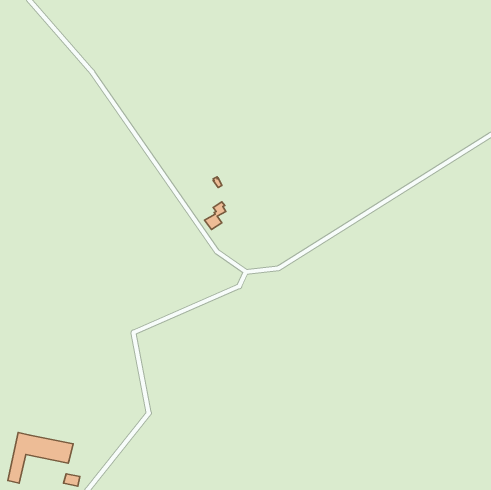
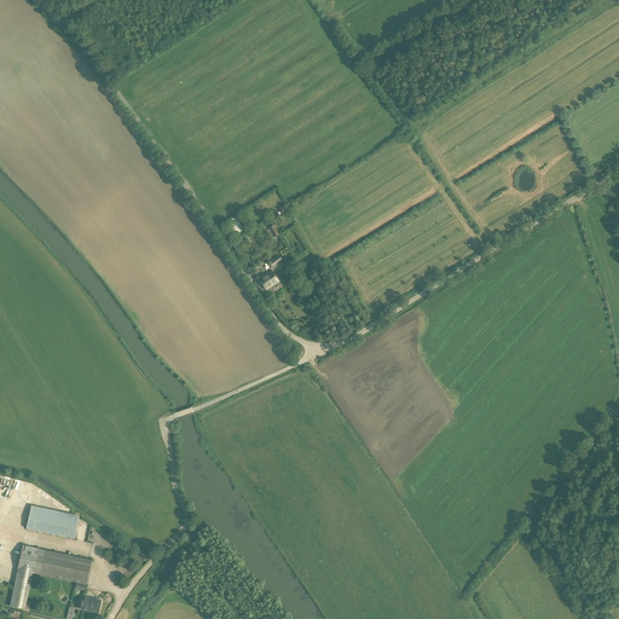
building: none -> [25,508,79,538]

